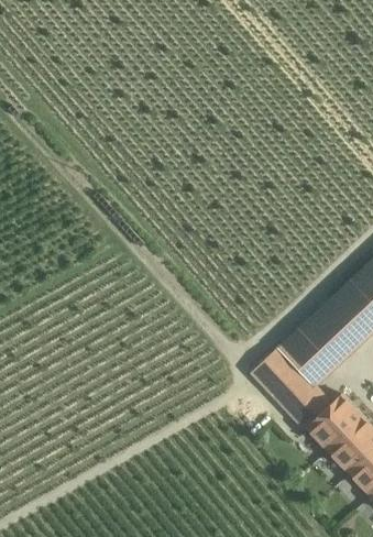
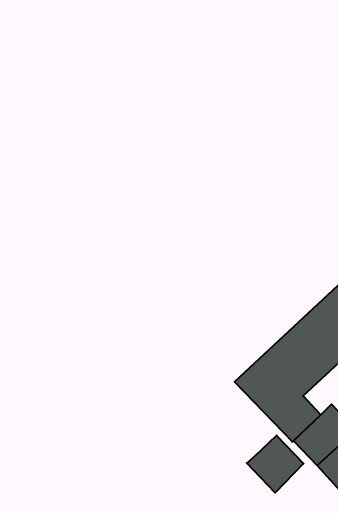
building: none -> [247,435,304,493]

